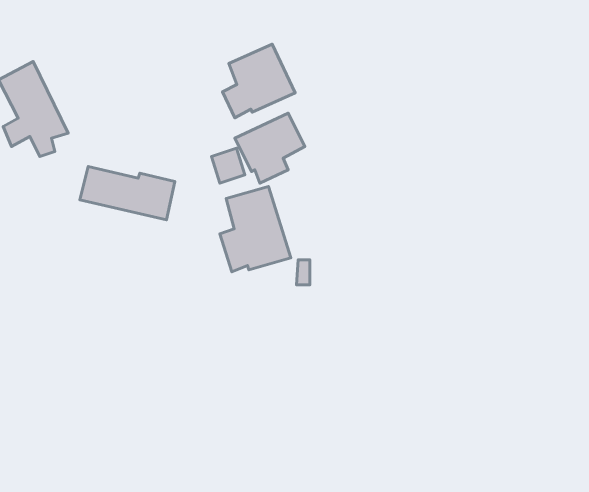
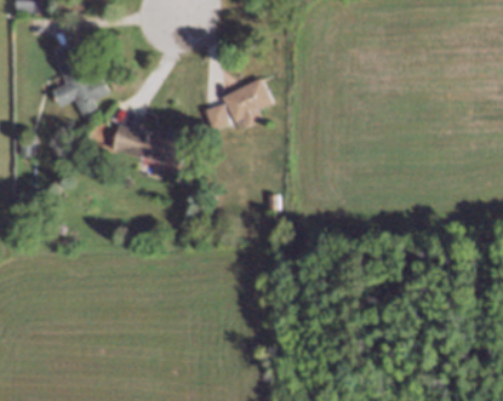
building: [223,44,295,118] -> none
building: [220,187,291,272] -> none

